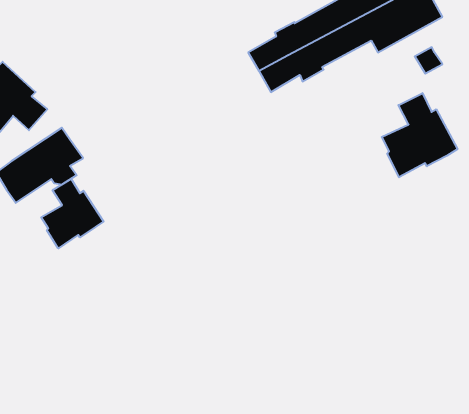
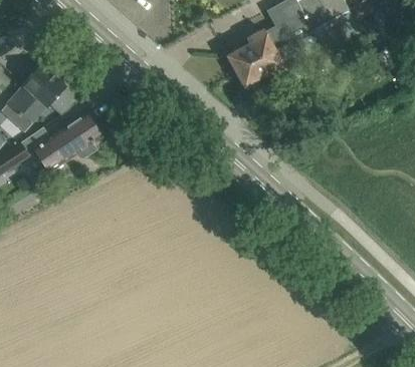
building: [382,93,457,177] -> none
building: [41,179,104,248] -> none

